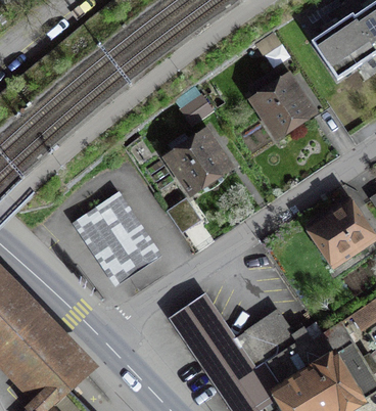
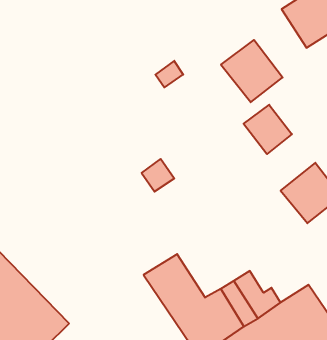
building: [170,133,226,188] -> none
building: none -> [244,105,292,154]
building: [72,190,159,283] -> none

